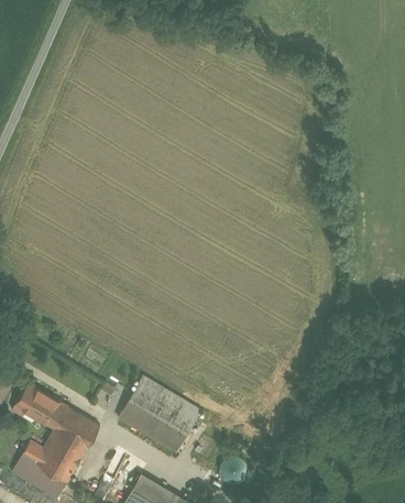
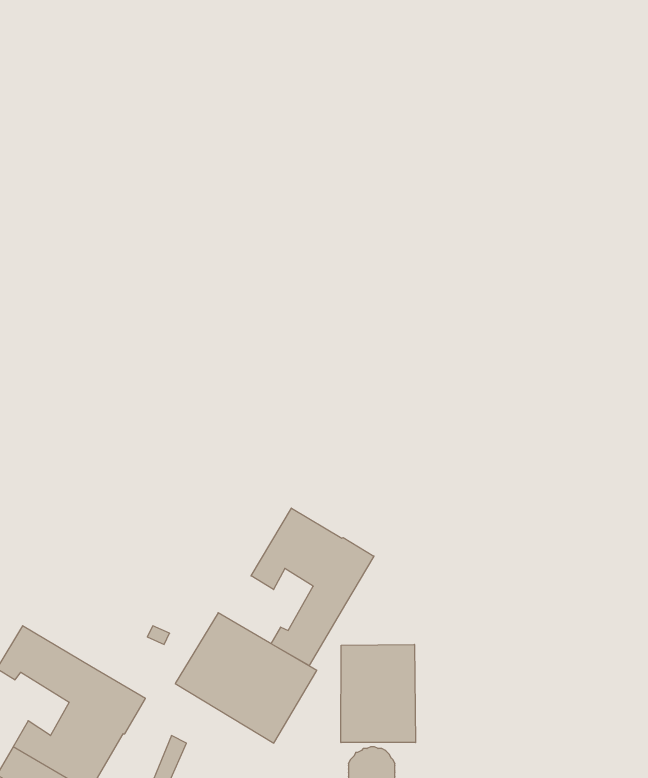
building: none -> [251,508,374,666]
building: none -> [341,644,416,743]

